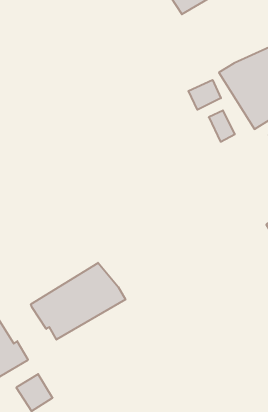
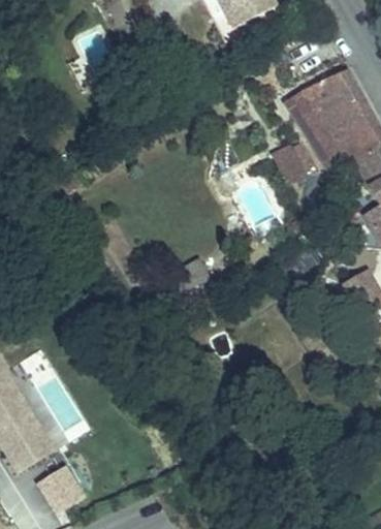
building: [188,80,221,110] -> none
building: [31,263,125,340] -> none

